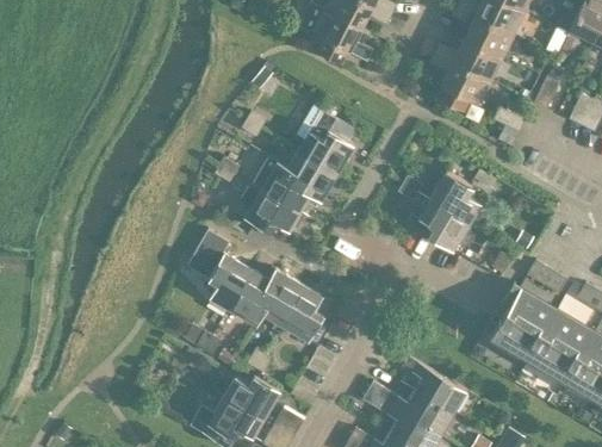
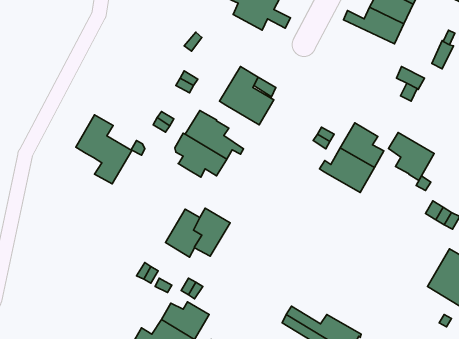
building: [429,54,492,113] -> none
building: [288,151,337,201] -> none
building: none -> [389,133,434,181]
building: [188,230,253,309] -> [76,115,132,184]
building: [281,286,330,344] -> none
building: [492,293,556,359] -> none
building: [403,358,467,414] -> none

